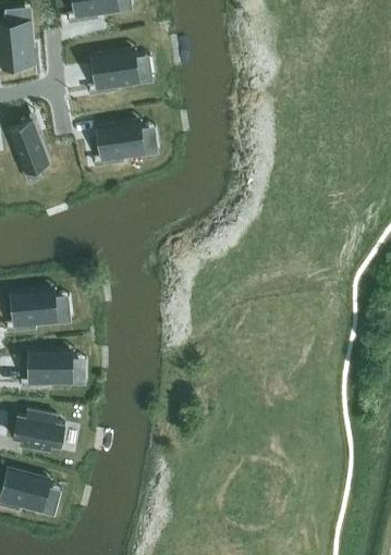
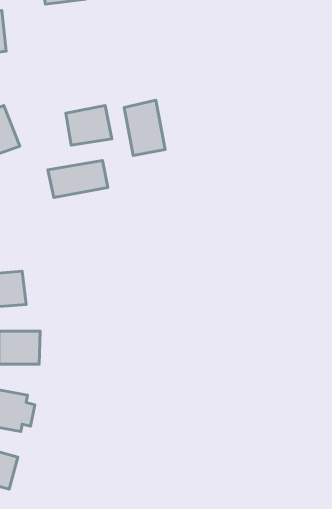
building: [93,50,138,89] -> none
building: none -> [124,100,165,155]
building: none -> [48,160,108,198]

